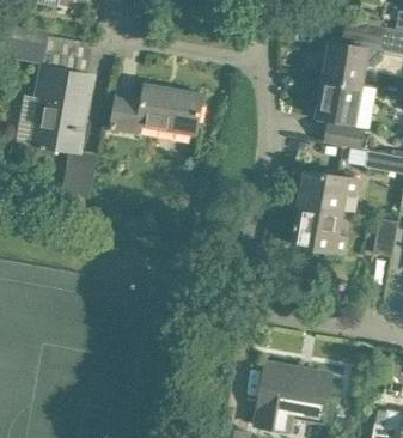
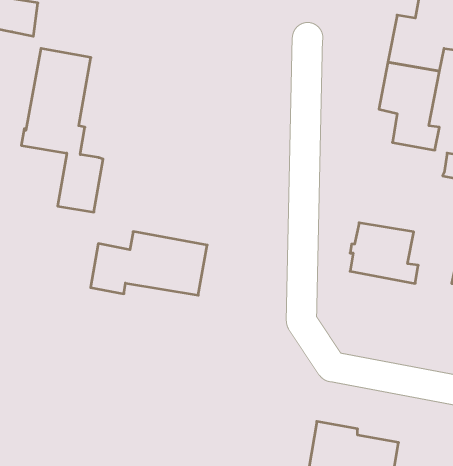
building: [111,84,203,134] -> [91,232,207,295]
building: [300,169,358,212] -> none

